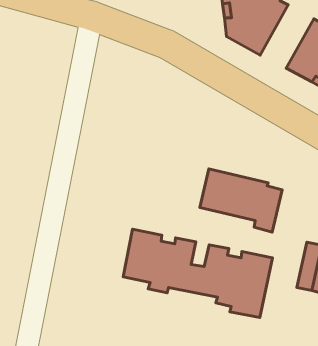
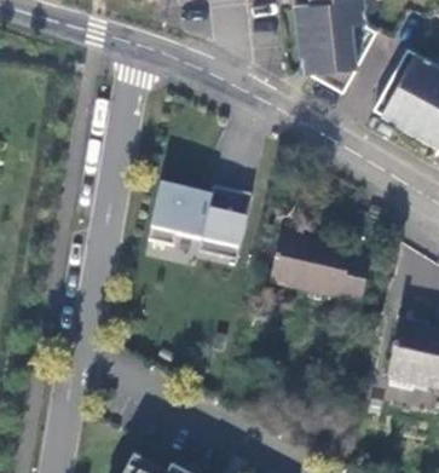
building: none -> [150,177,254,255]
building: [123,229,272,317] -> none

